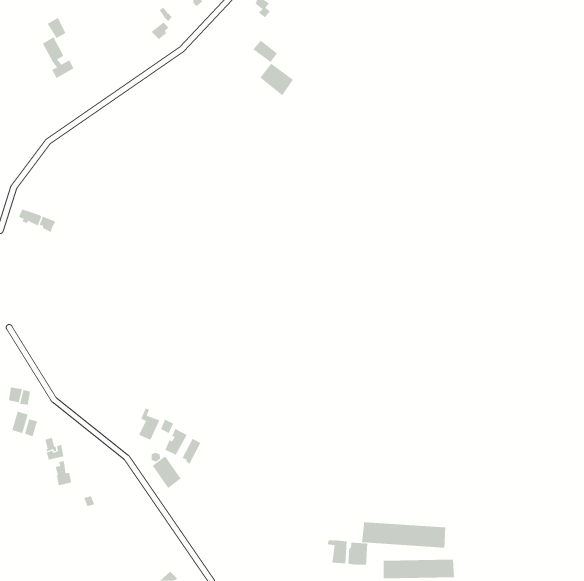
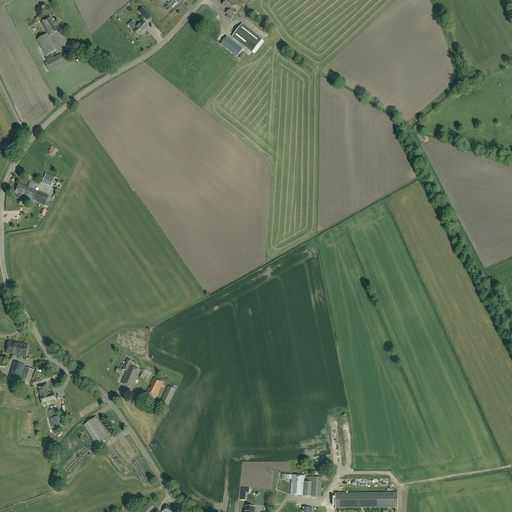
building: [259,63,294,96] -> [232,22,262,51]
building: [152,456,181,489] -> [84,415,110,444]
building: [361,521,446,548] -> none

